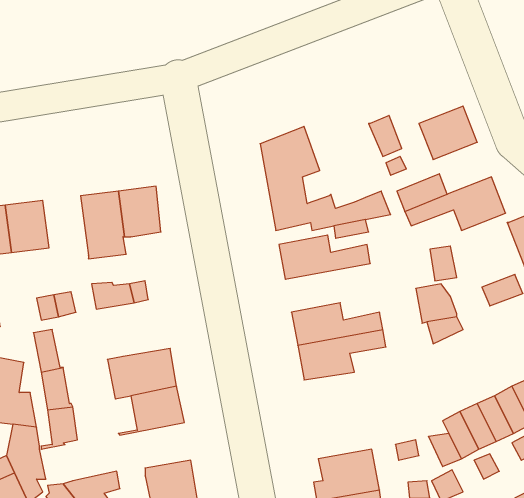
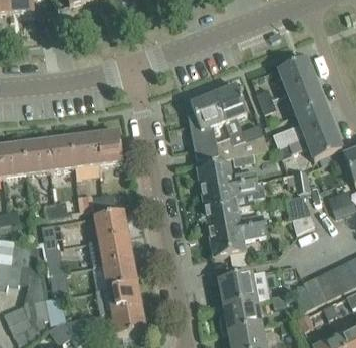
building: none -> [278,58,315,91]
building: none -> [214,84,247,145]
building: none -> [296,103,333,136]
building: none -> [47,137,75,170]
building: none -> [202,180,265,212]
building: none -> [94,211,128,240]
building: none -> [218,269,269,305]
building: none -> [96,282,141,313]

